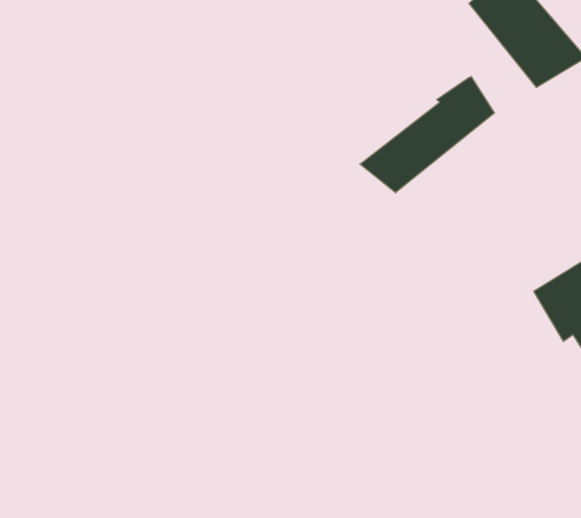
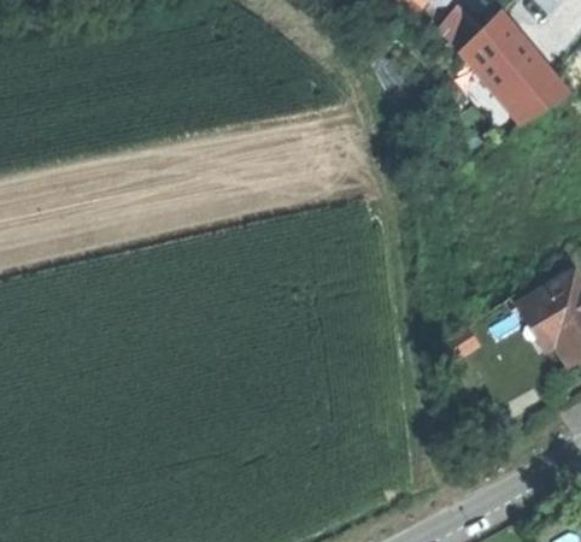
building: [360,76,495,193] -> none

